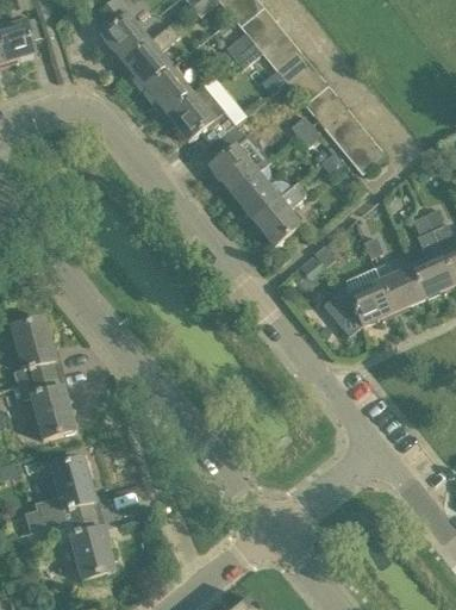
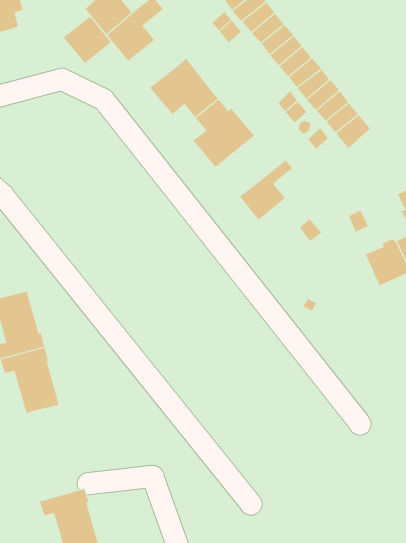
building: [143,66,192,113] -> [63,16,112,64]
building: [230,170,281,222] -> none
building: [321,279,393,335] -> none
building: [49,456,100,525] -> none

